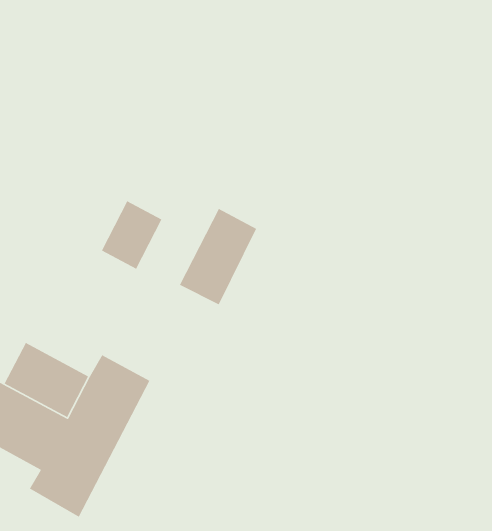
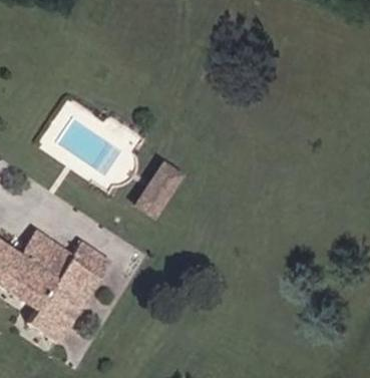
building: [101,200,162,270] -> none

